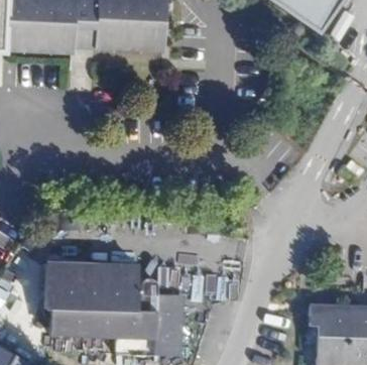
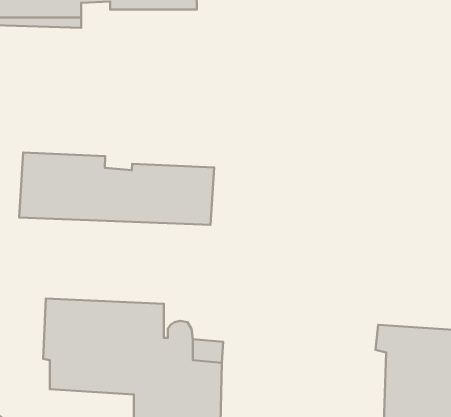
building: none -> [19,153,214,225]

